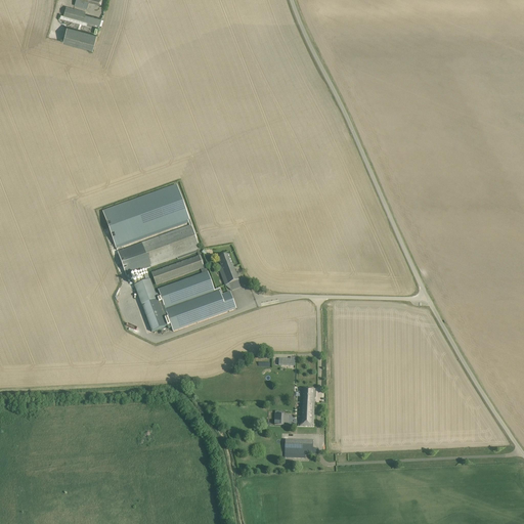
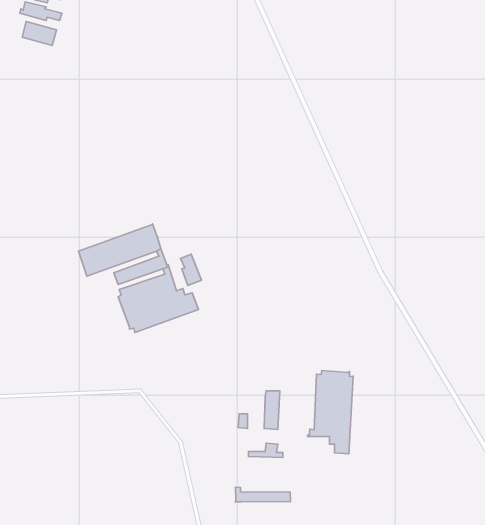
building: [102,183,196,245] -> none
building: [134,277,168,330] -> none
building: none -> [308,370,353,454]
building: none -> [235,487,290,502]

